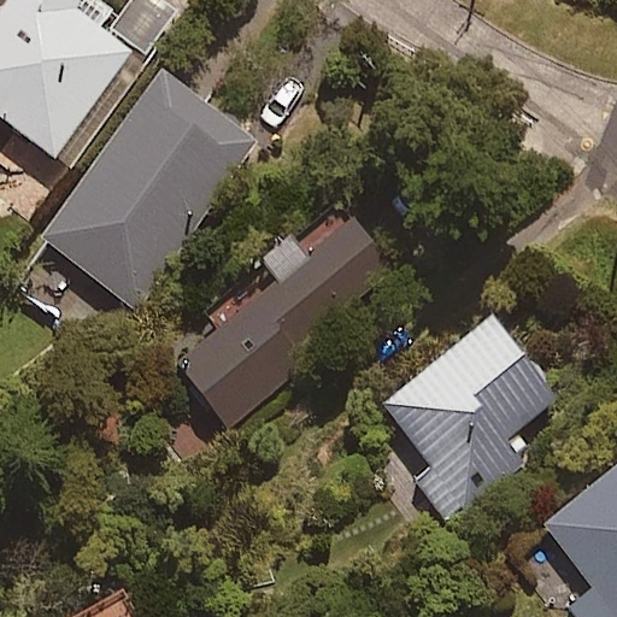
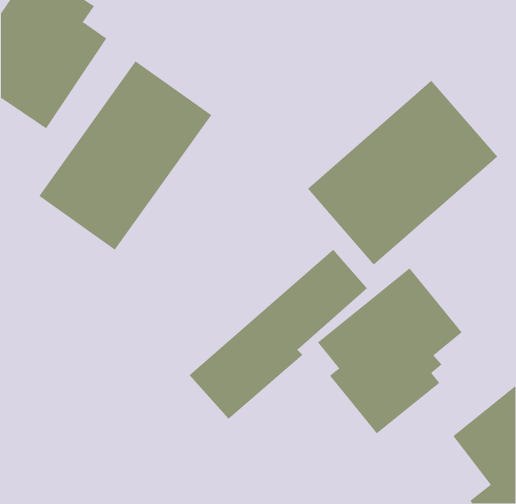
building: none -> [307,80,498,265]
building: [177,218,390,422] -> [189,249,368,420]

